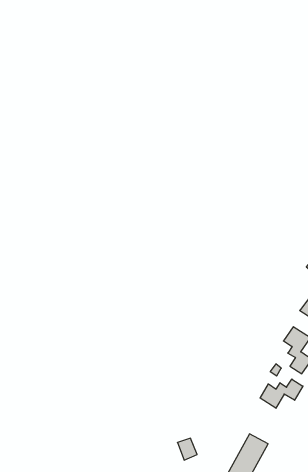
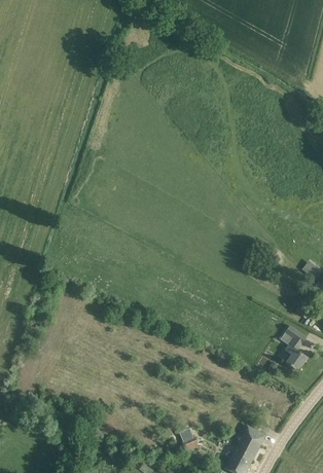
building: [260,379,303,408] -> none

